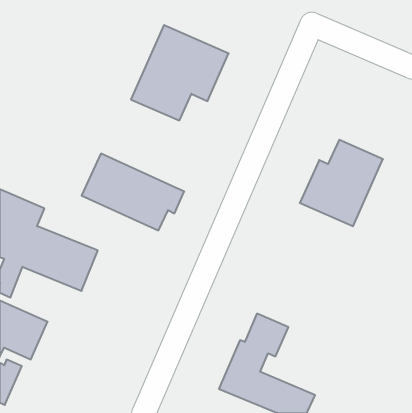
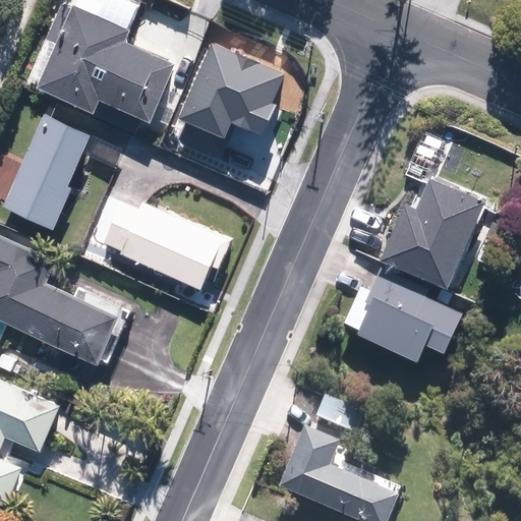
building: none -> [39,4,173,123]
building: none -> [7,116,128,230]
building: none -> [349,265,459,357]

